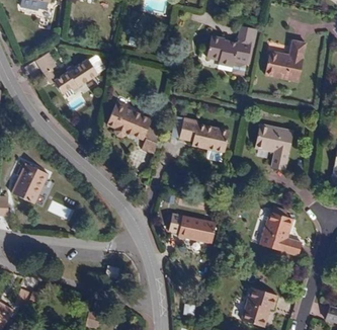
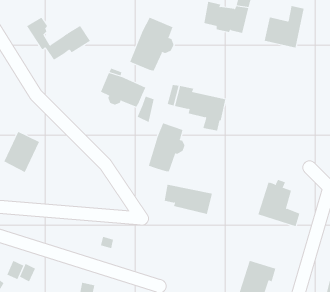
building: none -> [130,17,174,71]
building: [255,123,291,169] -> none
building: none -> [148,123,185,172]

